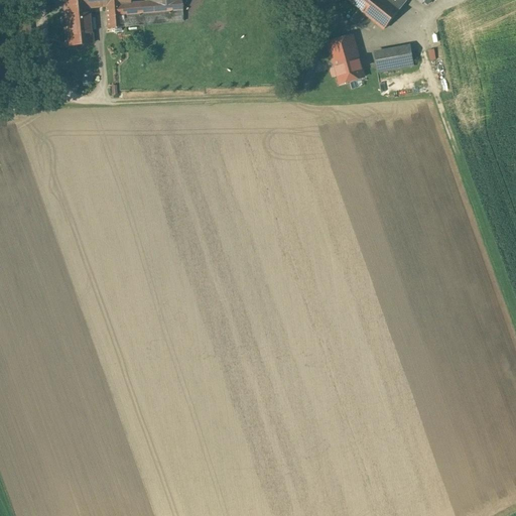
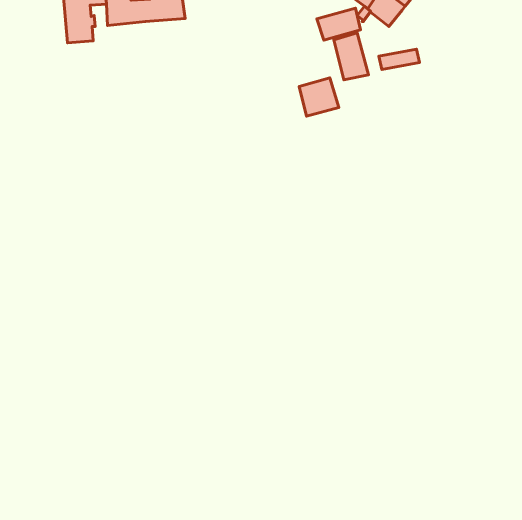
building: none -> [317,8,361,40]
building: none -> [299,78,339,116]

